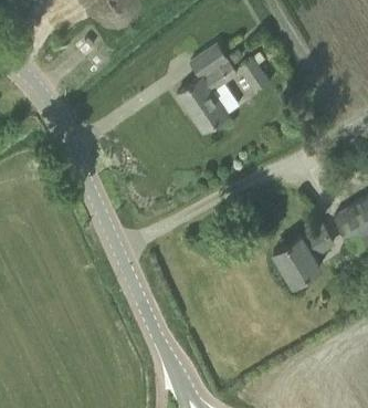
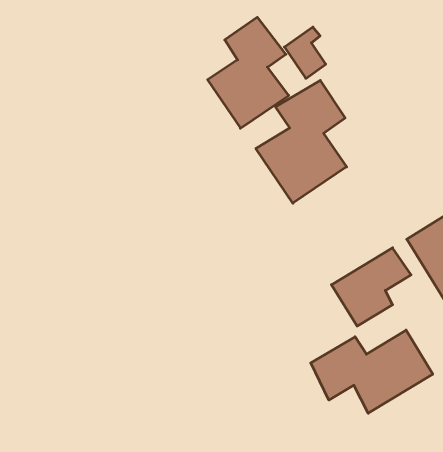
building: none -> [256,80,347,203]
building: none -> [311,330,433,413]

